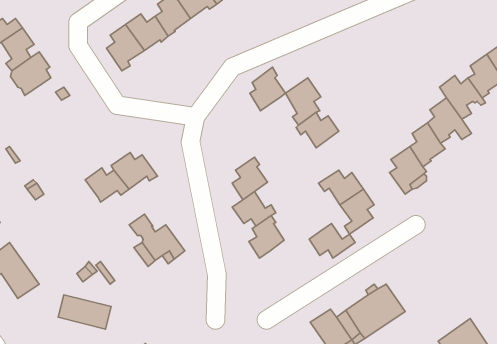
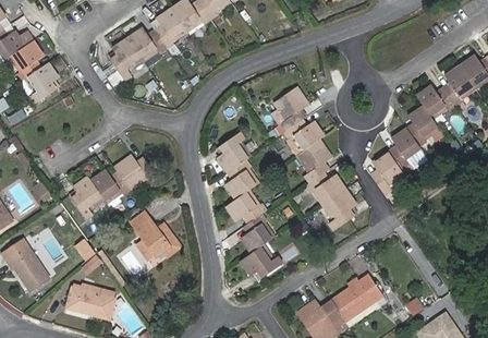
building: [250,67,285,111] -> [218,132,251,172]
building: none -> [297,138,331,181]
building: none -> [71,177,102,218]
building: [309,224,355,258] -> [240,245,282,277]

